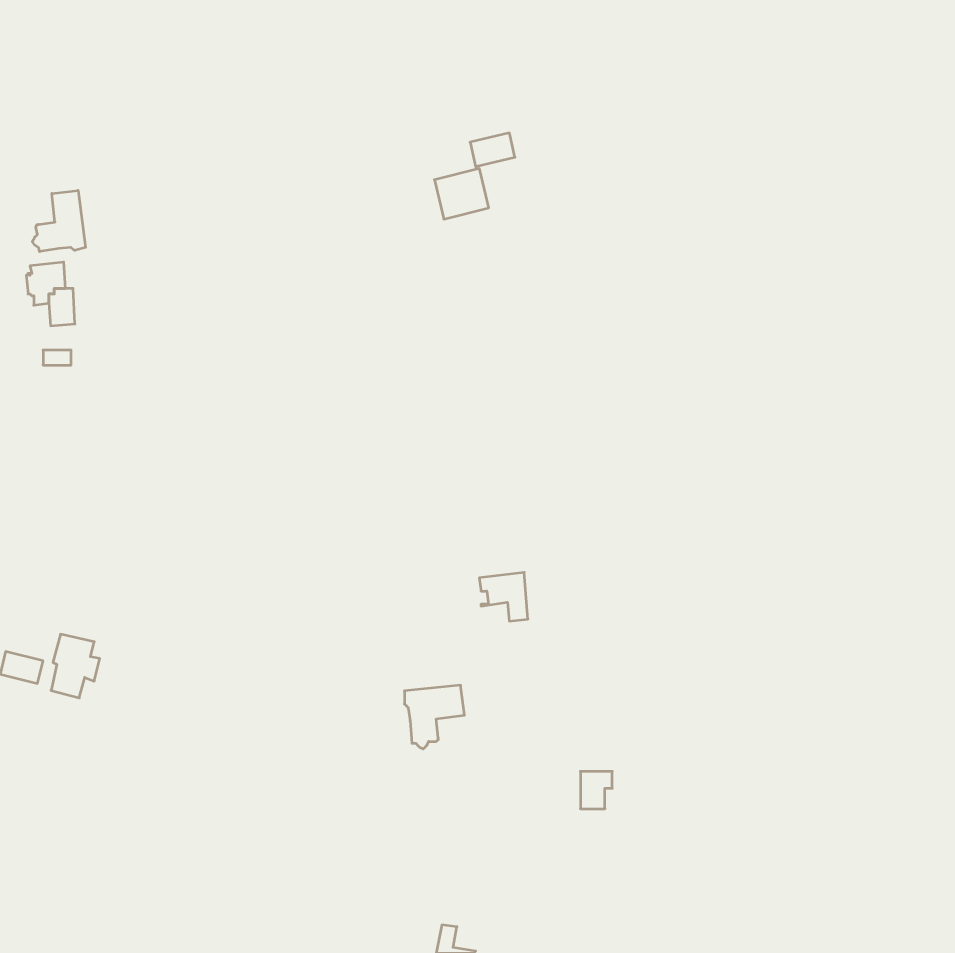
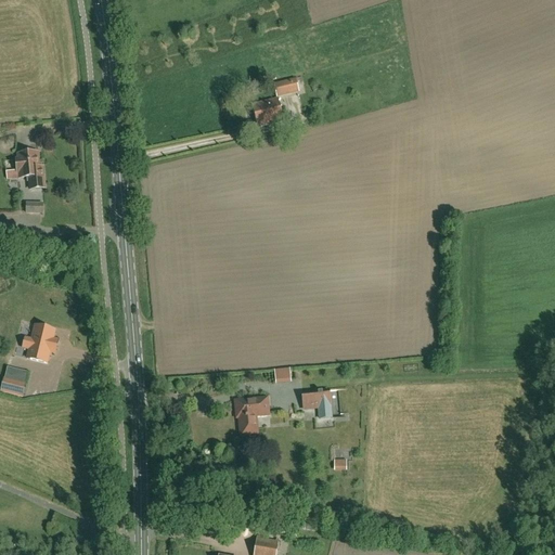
building: [32,190,86,252] -> none
building: [479,572,528,621] -> [301,389,330,417]
building: [51,634,100,698] -> [29,325,57,362]

